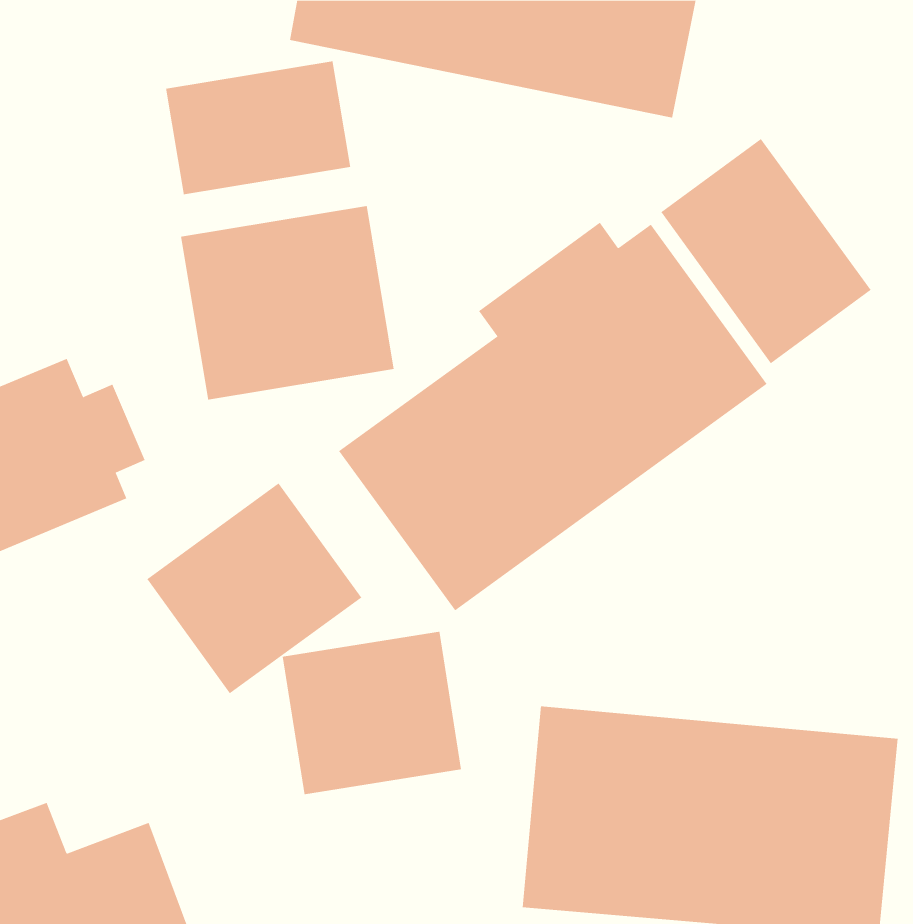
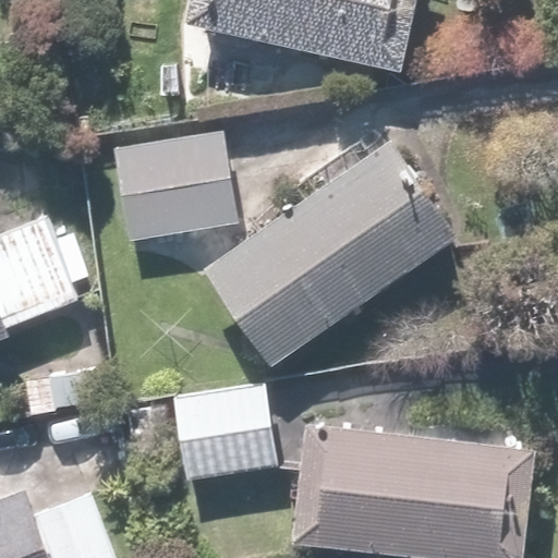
building: [165,61,351,195] -> none
building: [660,138,872,364] -> none
building: [146,483,362,694] -> none

